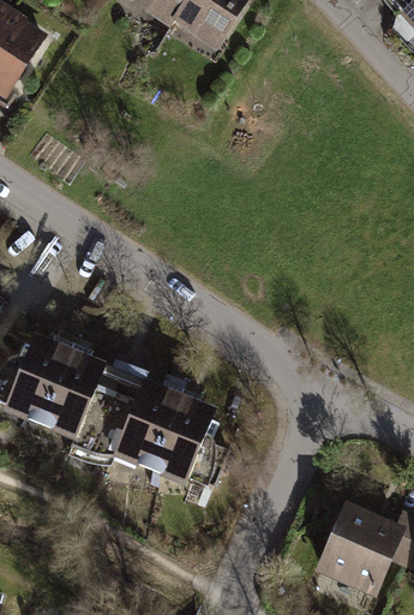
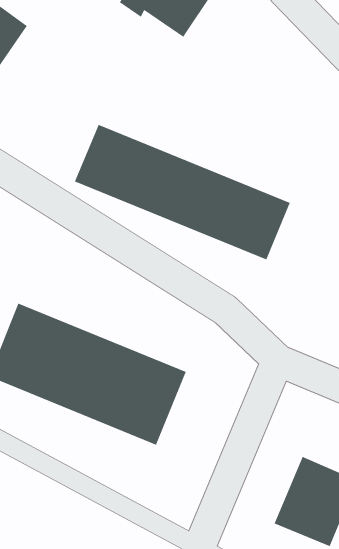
building: none -> [74,124,291,260]

